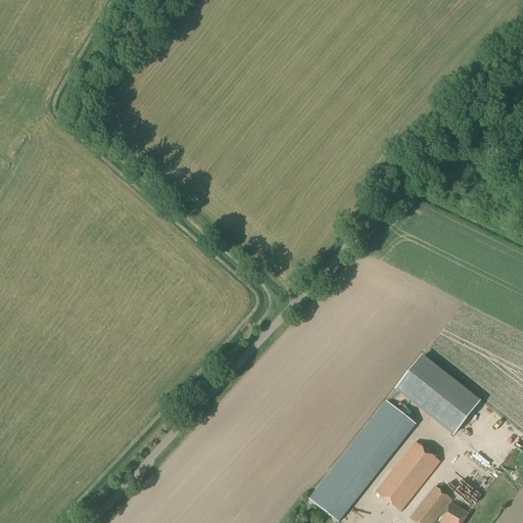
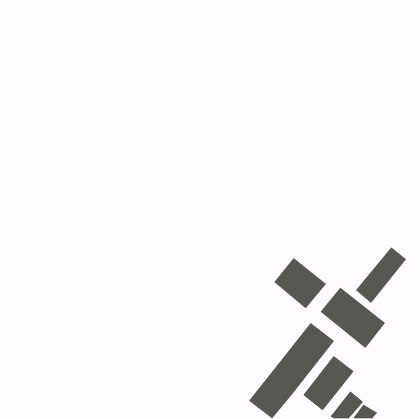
building: none -> [355,246,407,304]
building: none -> [273,257,327,309]

